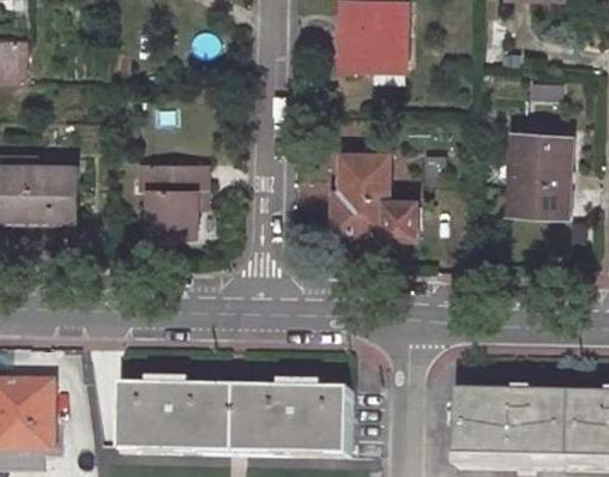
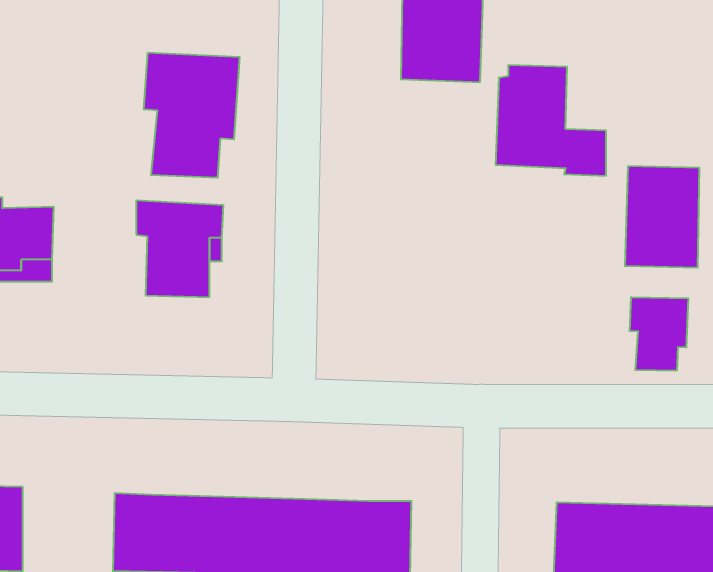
building: none -> [144,53,240,178]
building: [333,153,418,238] -> [496,65,606,176]
building: none -> [630,297,688,371]

